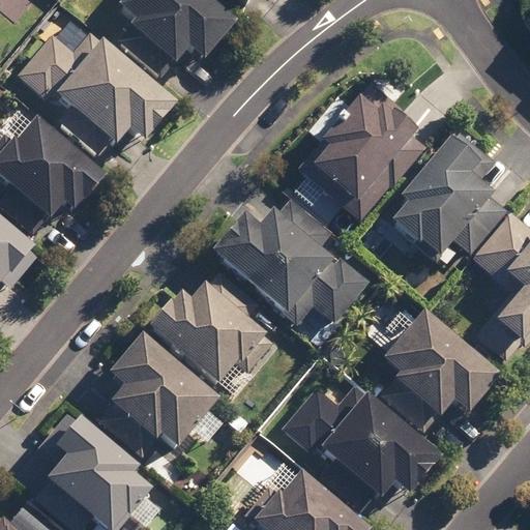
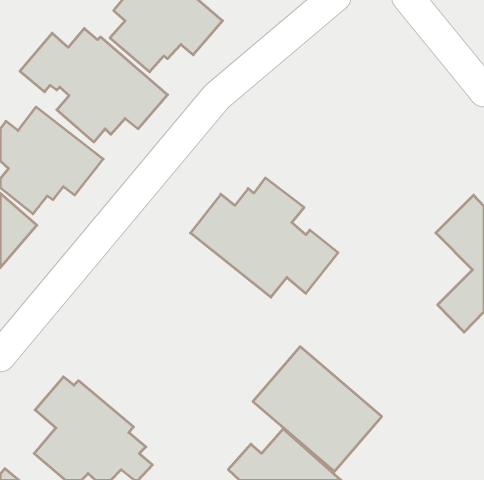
building: [302,79,426,222] -> none
building: [379,150,500,273] -> none
building: [156,271,273,386] -> none
building: [356,321,473,437] -> none
building: [90,354,202,465] -> none

